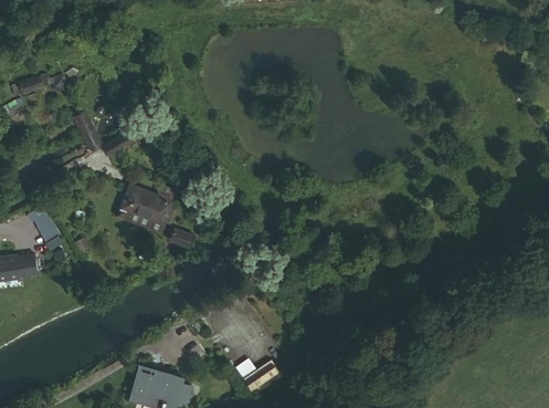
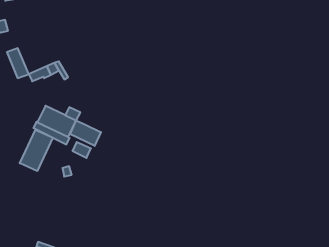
building: none -> [70,120,101,146]
building: none -> [20,130,53,171]

